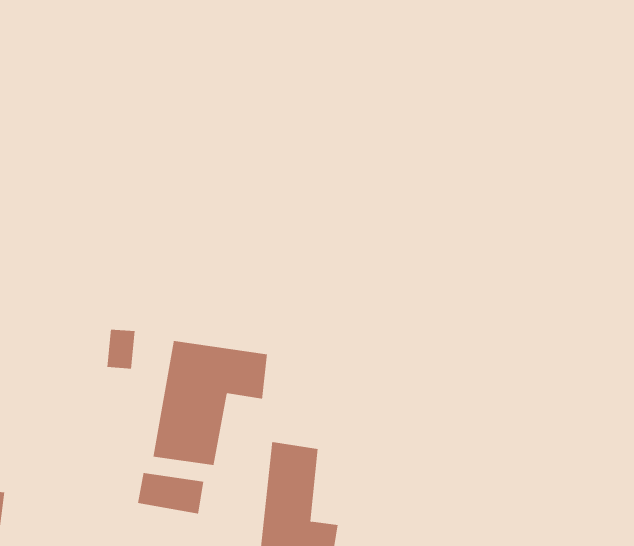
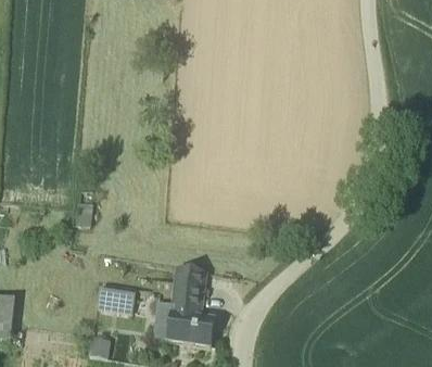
building: [153,340,267,466] -> none

